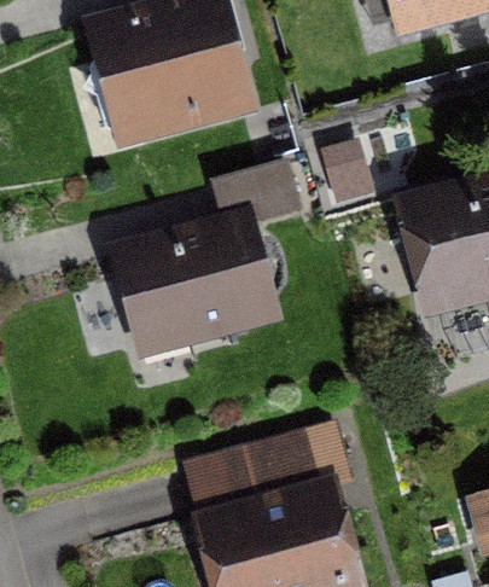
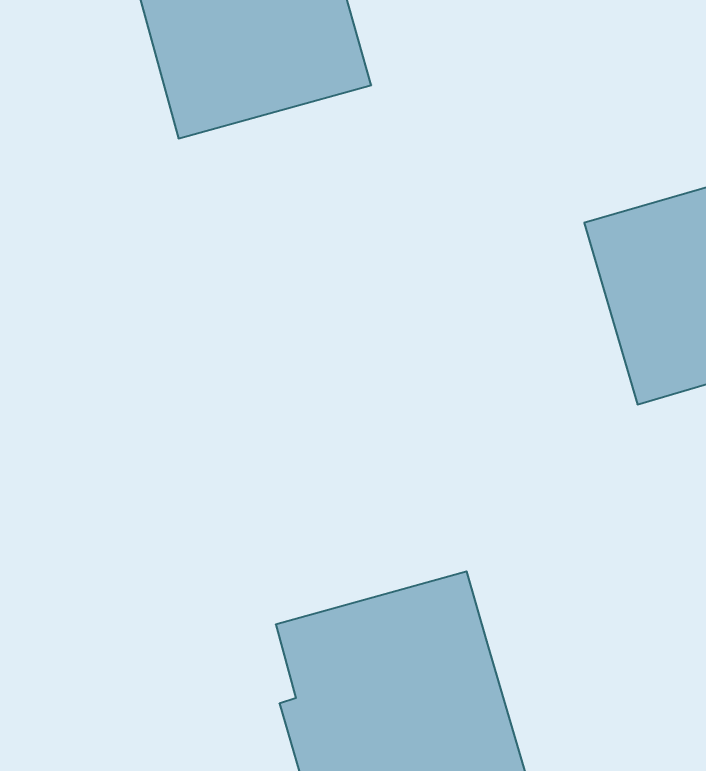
building: [117,164,301,354] -> none

